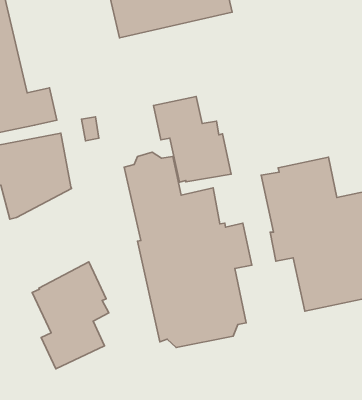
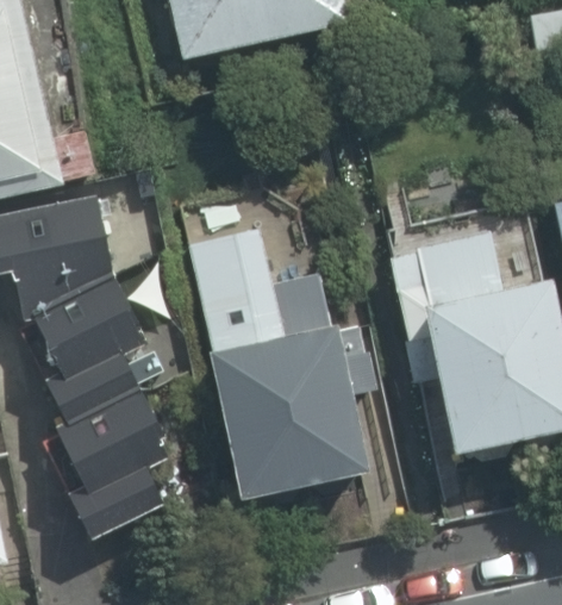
building: [154,96,231,182] -> none
building: none -> [36,276,146,420]

